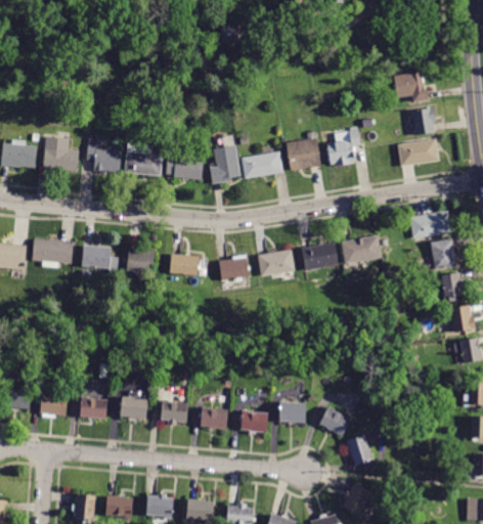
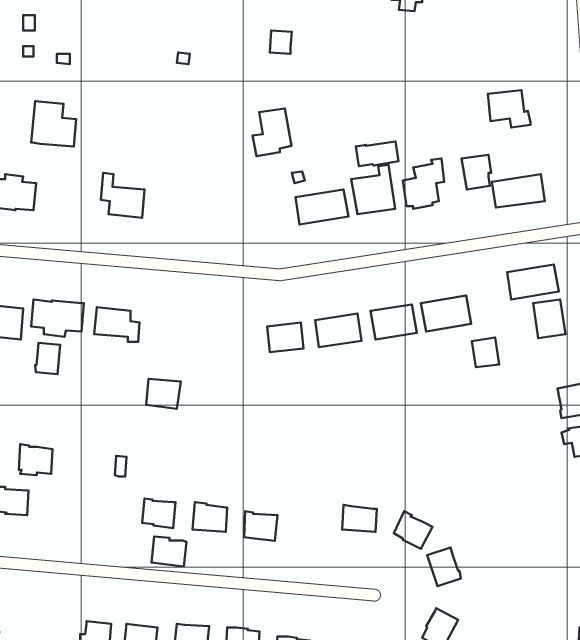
building: [411,107,435,135] -> [462,155,491,190]
building: none -> [356,142,398,166]
building: [43,136,79,172] -> [31,101,76,146]
building: [125,143,162,176] -> none
building: [209,146,239,184] -> [253,108,291,156]
building: [166,158,203,180] -> none
building: [127,250,155,273] -> [146,379,181,409]
building: [169,254,199,275] -> none
building: [440,272,462,296] -> [472,337,499,367]
building: none -> [35,343,60,374]
building: [40,393,67,418] -> [19,444,52,475]
building: [80,396,107,420] -> [152,537,186,566]
building: [240,410,268,433] -> none

